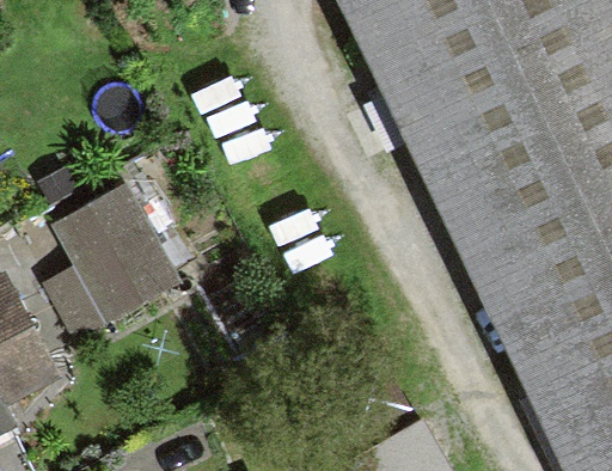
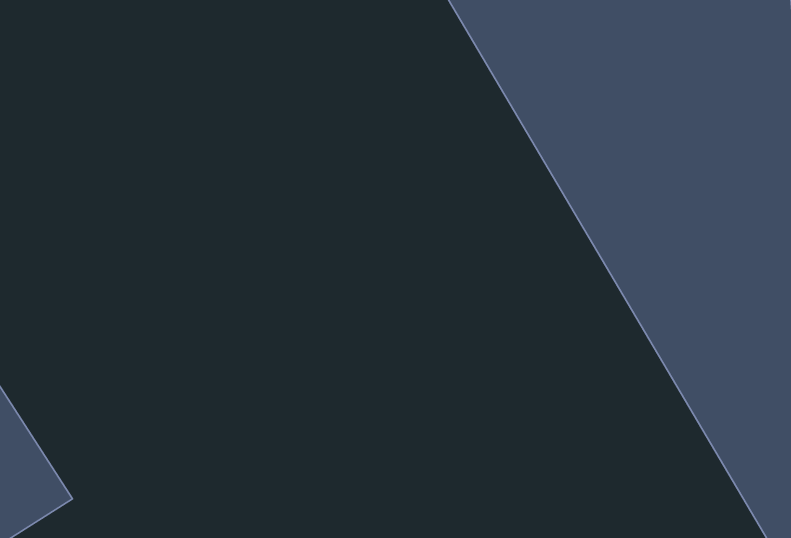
building: [33,188,180,347] -> none

